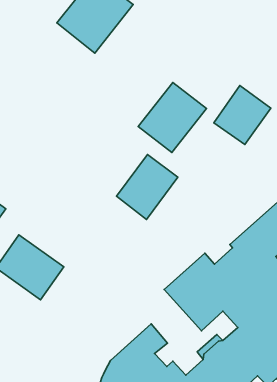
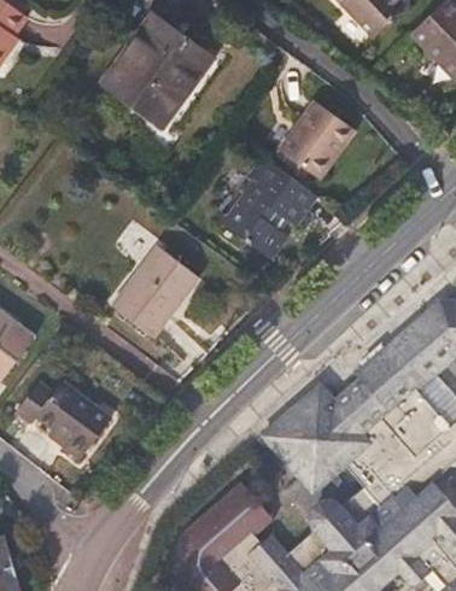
building: [214,86,271,144] -> [279,94,358,176]
building: [116,155,178,219] -> [113,244,199,334]

